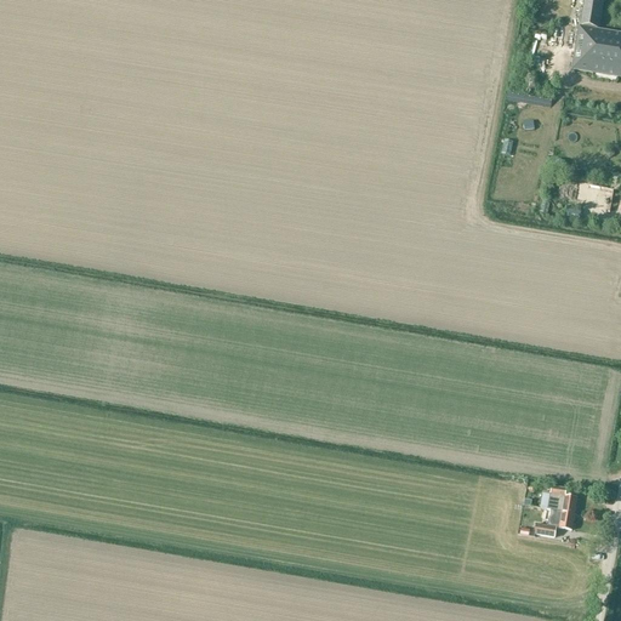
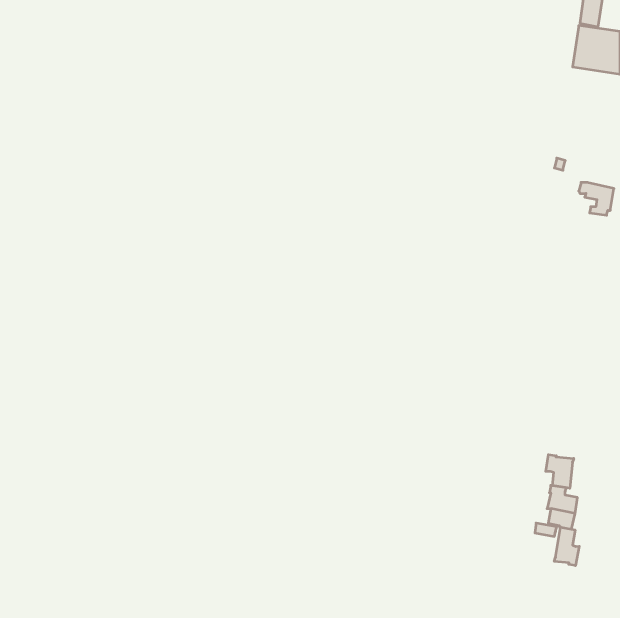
building: none -> [546,455,574,488]
building: none -> [554,527,579,566]

